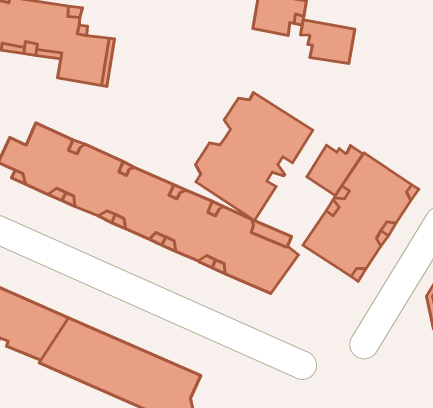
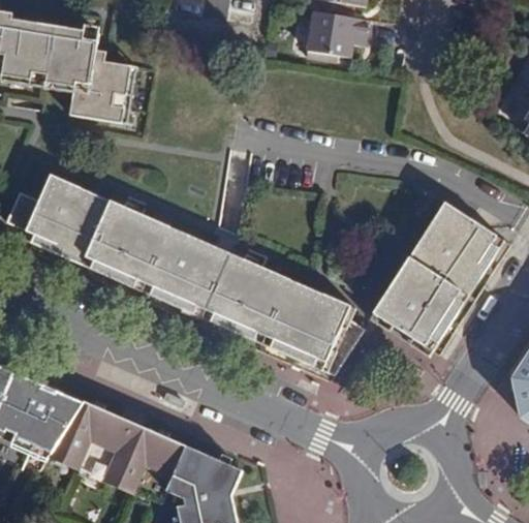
building: [300,20,355,63] -> none
building: [195,92,313,221] -> none
building: [307,145,363,196] -> none

